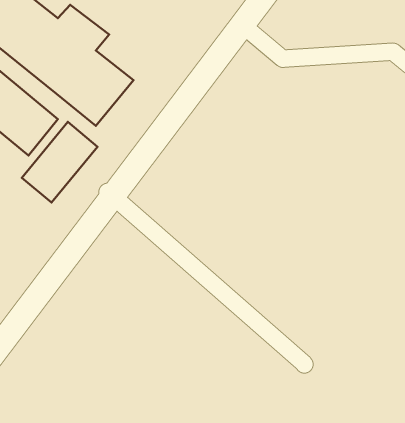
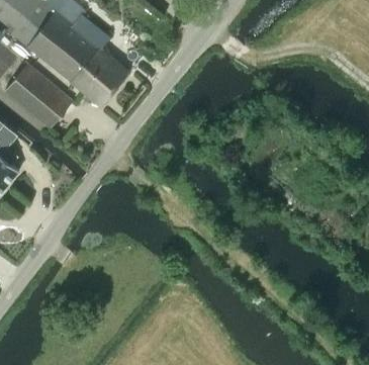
building: [22,122,98,203] -> none

